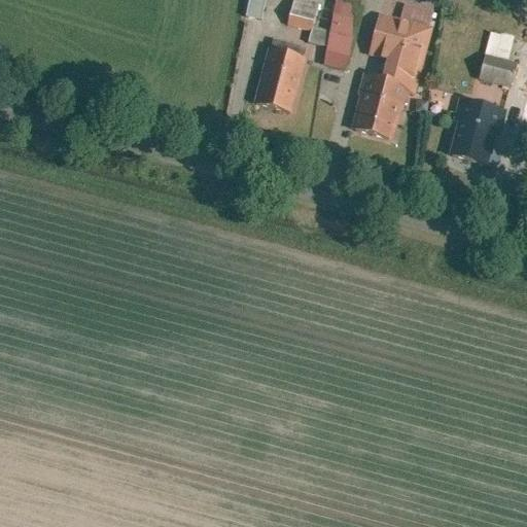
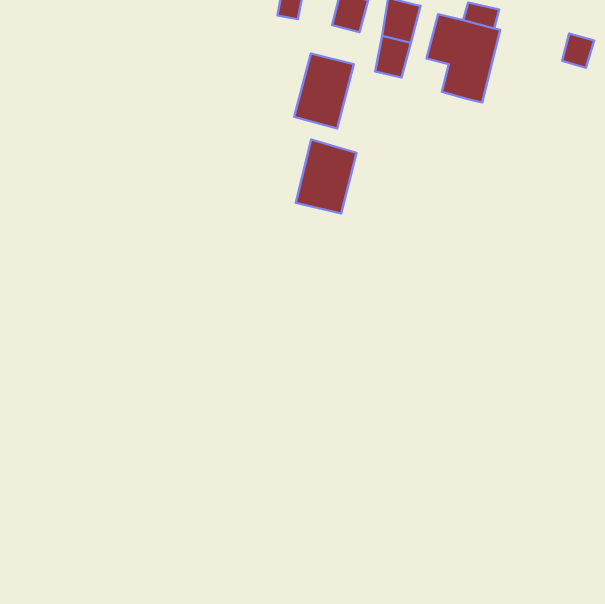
building: [479,52,515,86] -> none
building: [351,74,403,138] -> [296,140,356,213]
building: [451,100,505,164] -> none

